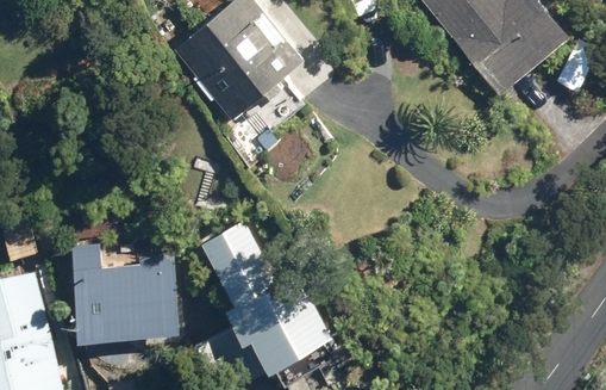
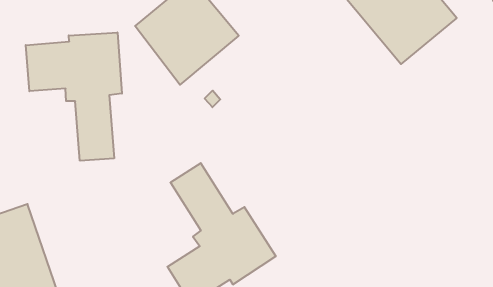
building: none -> [26,32,122,161]
building: [73,241,181,339] -> none

